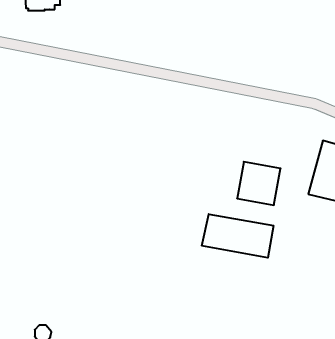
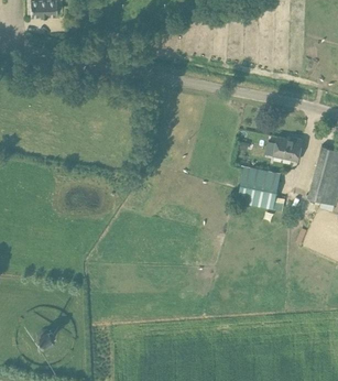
building: none -> [273,137,303,161]
building: [202,214,273,258] -> none

